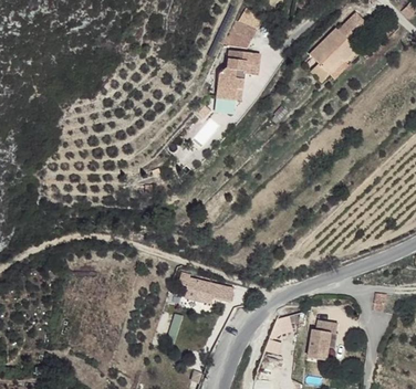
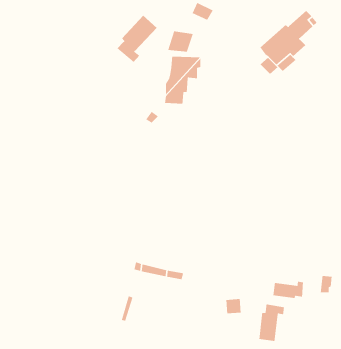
building: none -> [117,15,158,63]
building: none -> [272,281,304,299]

